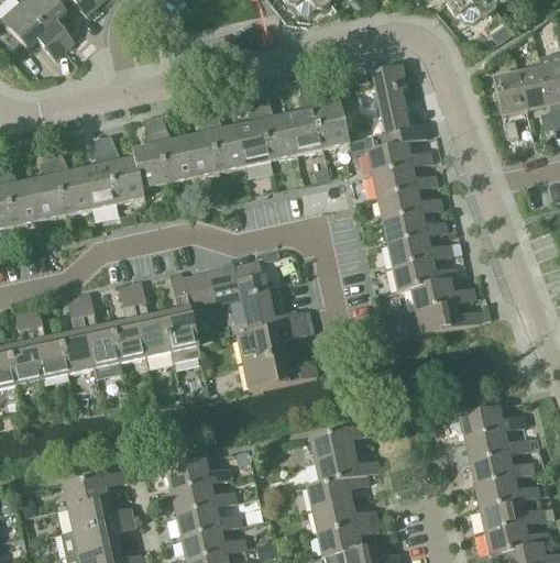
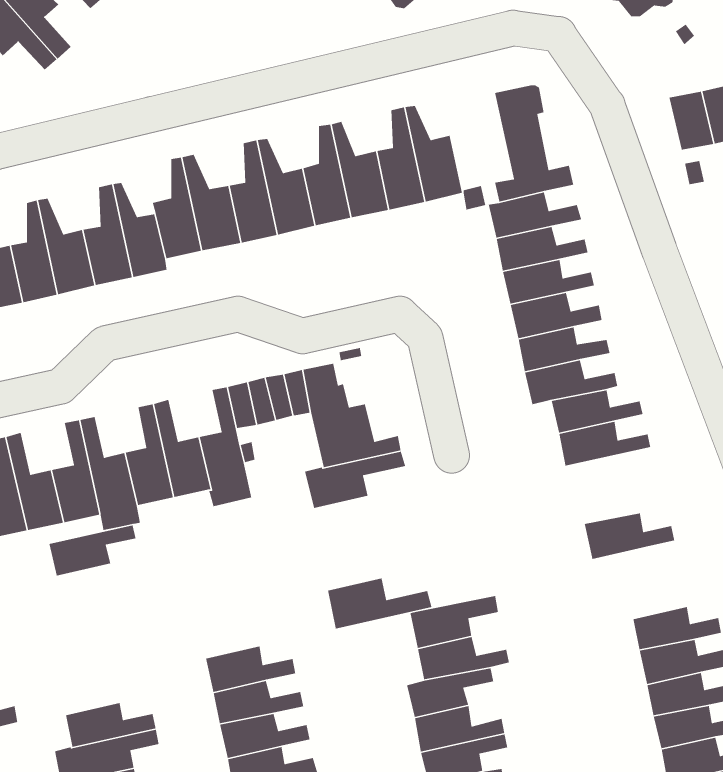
building: [244,355,318,391] -> [327,578,433,629]
building: [462,408,526,441] -> [584,513,675,560]
building: [65,472,127,508] -> [48,525,136,576]

